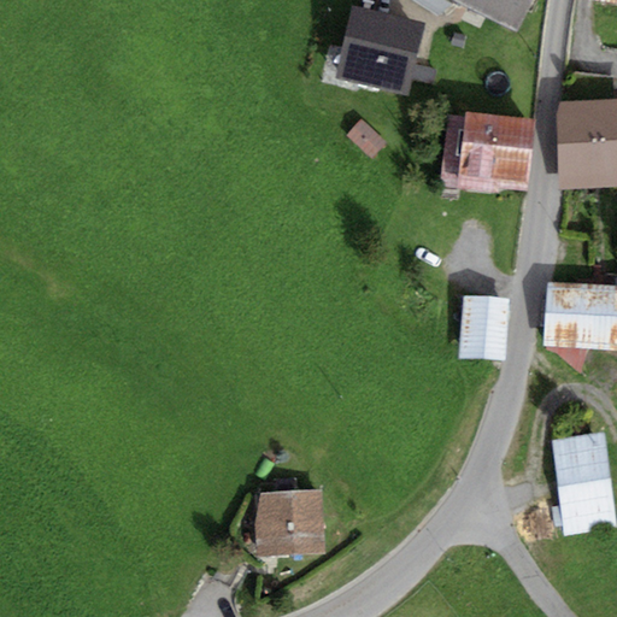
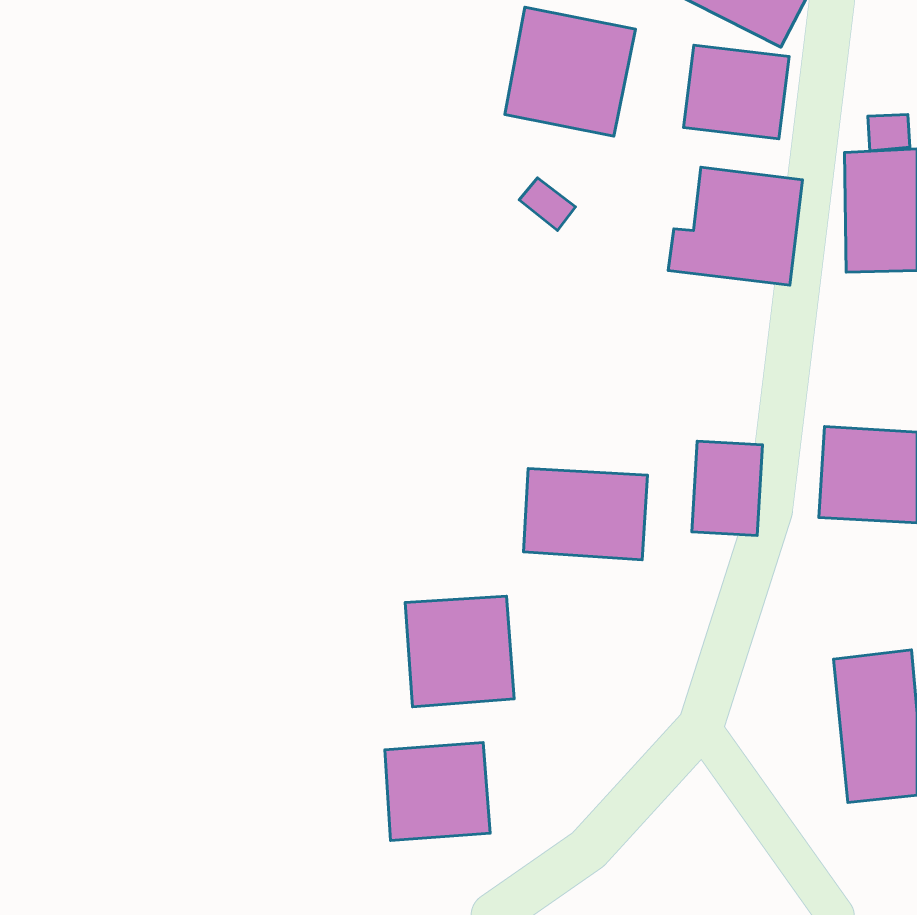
building: none -> [684,45,789,139]
building: none -> [524,469,647,560]
building: none -> [405,596,514,707]

